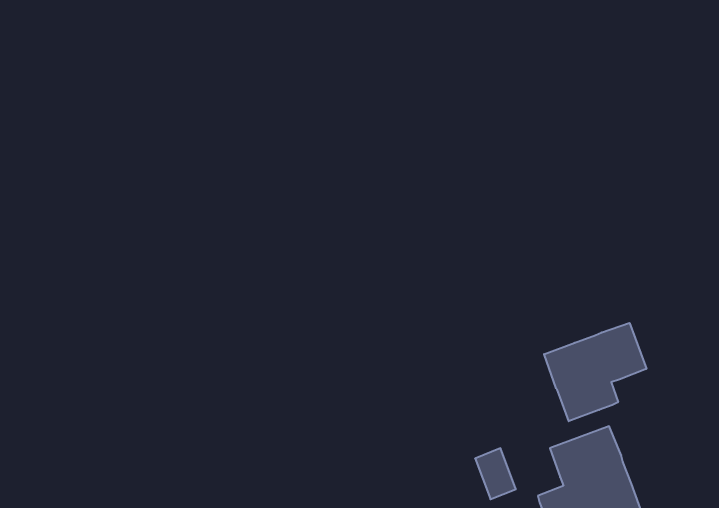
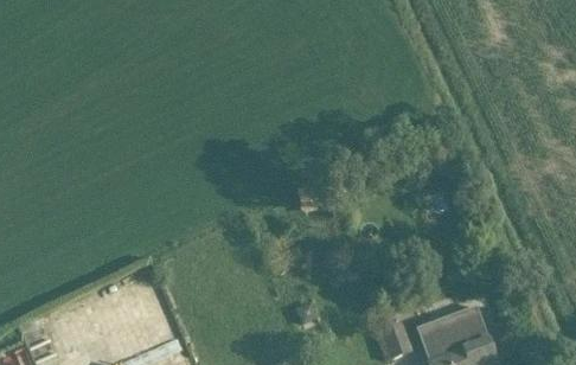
building: [544,323,646,421] -> none

